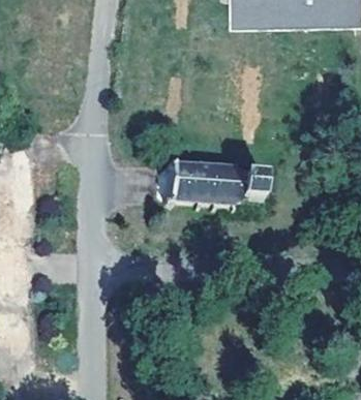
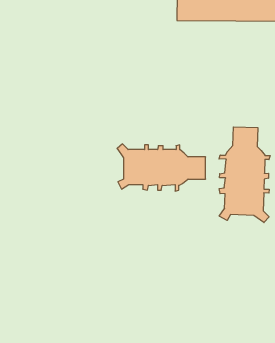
building: none -> [219,127,270,223]

